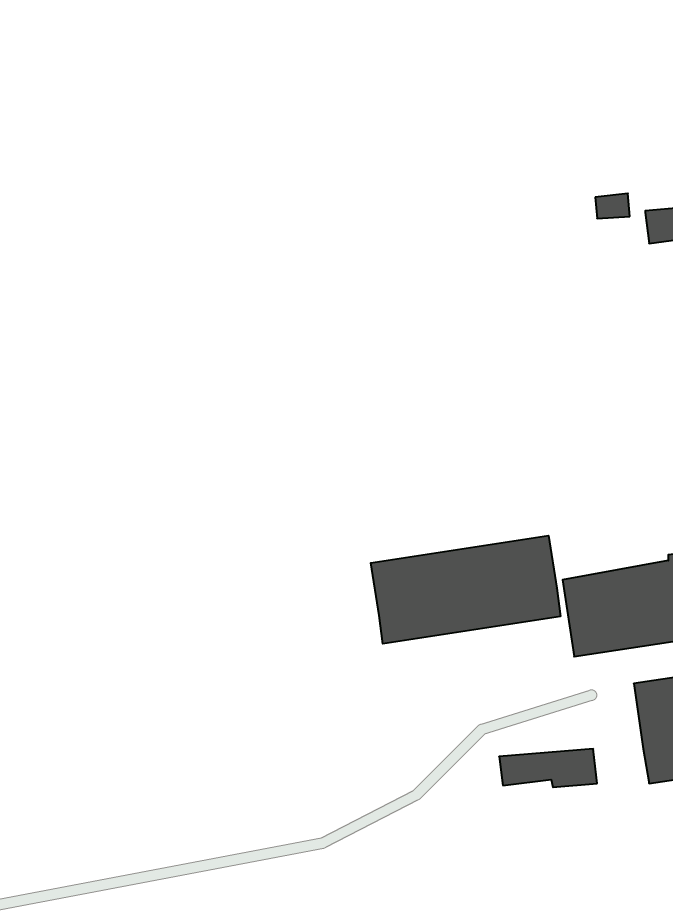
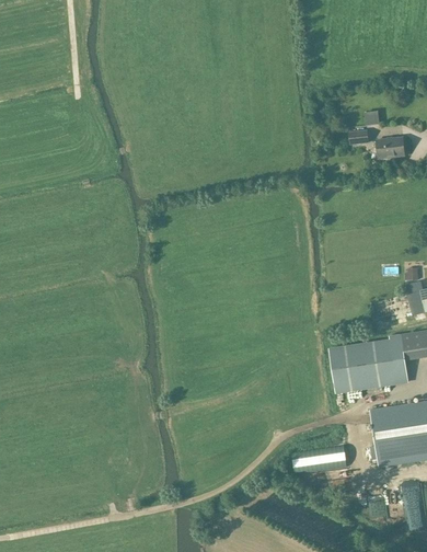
building: [371,536,560,644] -> none

